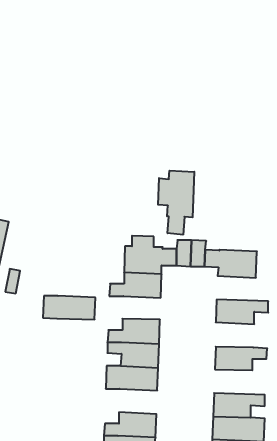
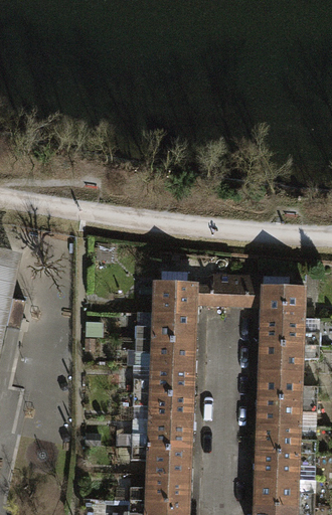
building: [158,171,194,235] -> none
building: none -> [259,318,319,347]
building: [43,296,95,319] -> [134,341,194,368]
building: none -> [258,371,317,401]
building: none -> [256,425,315,455]
building: none -> [131,448,190,477]

